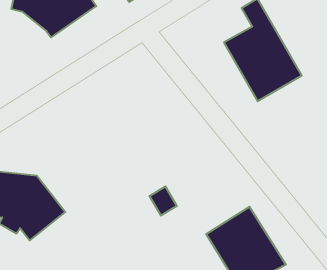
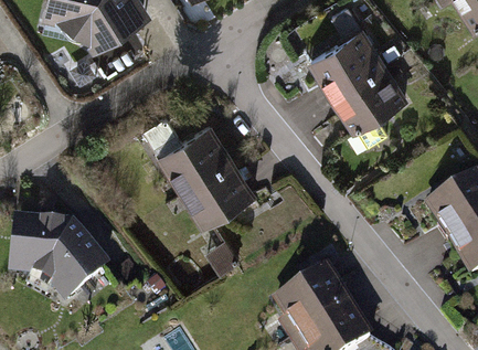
building: none -> [152,127,254,234]

